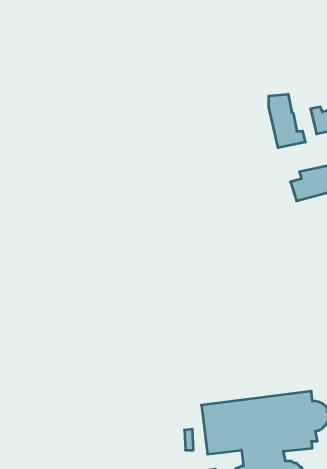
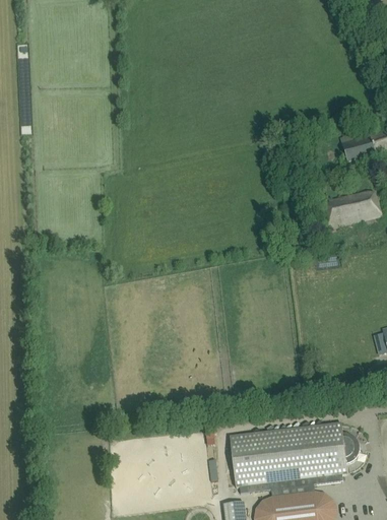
building: [269,94,305,148] -> none

